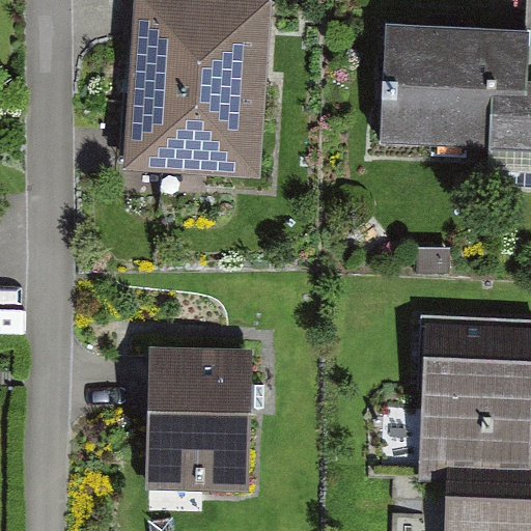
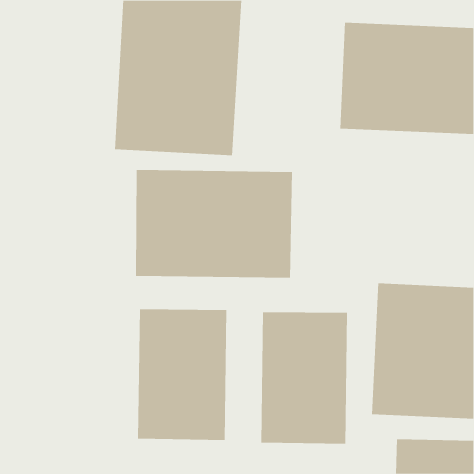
building: none -> [135,169,292,279]
building: none -> [261,312,348,445]

